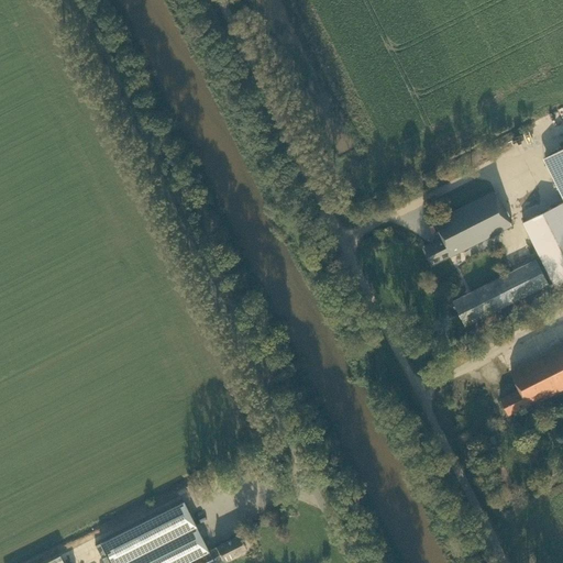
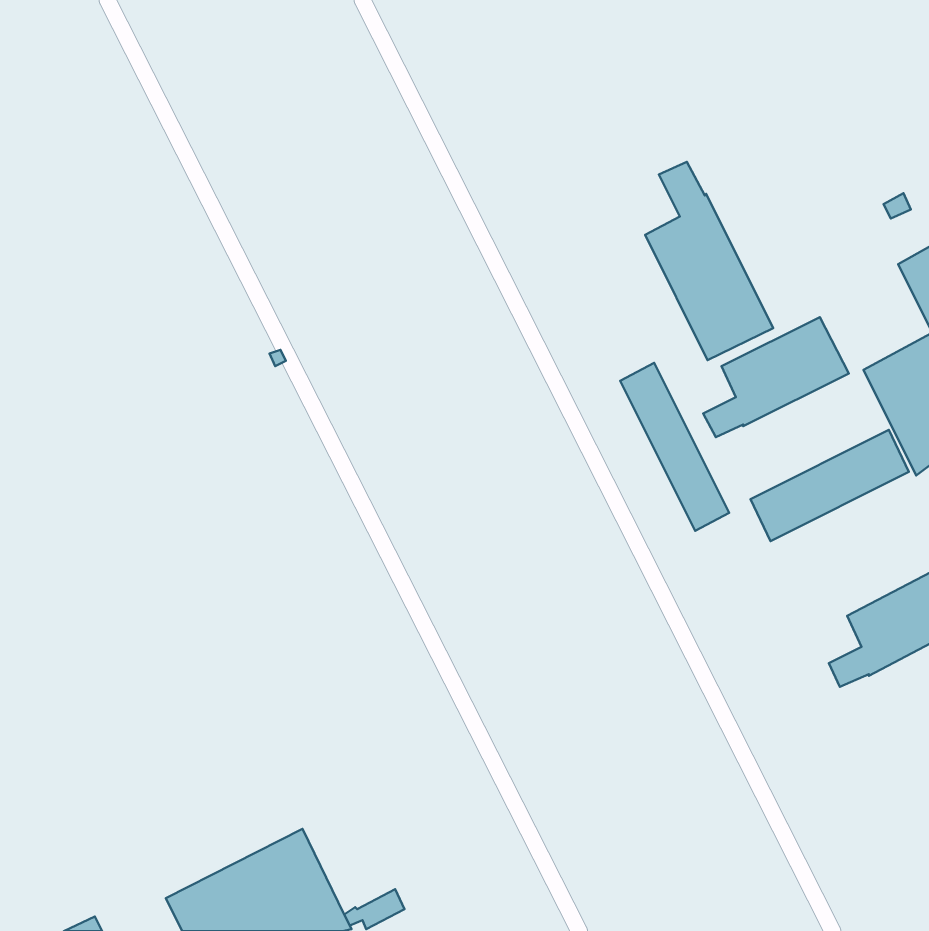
building: none -> [645,162,773,360]
building: none -> [620,363,729,531]

